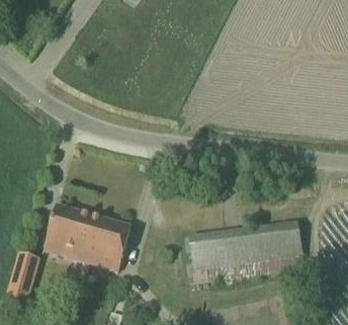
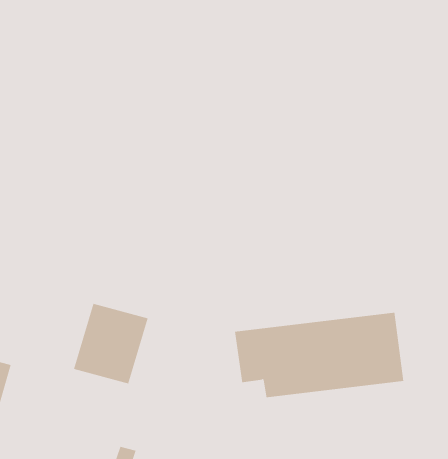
building: [44,204,93,259] -> none

